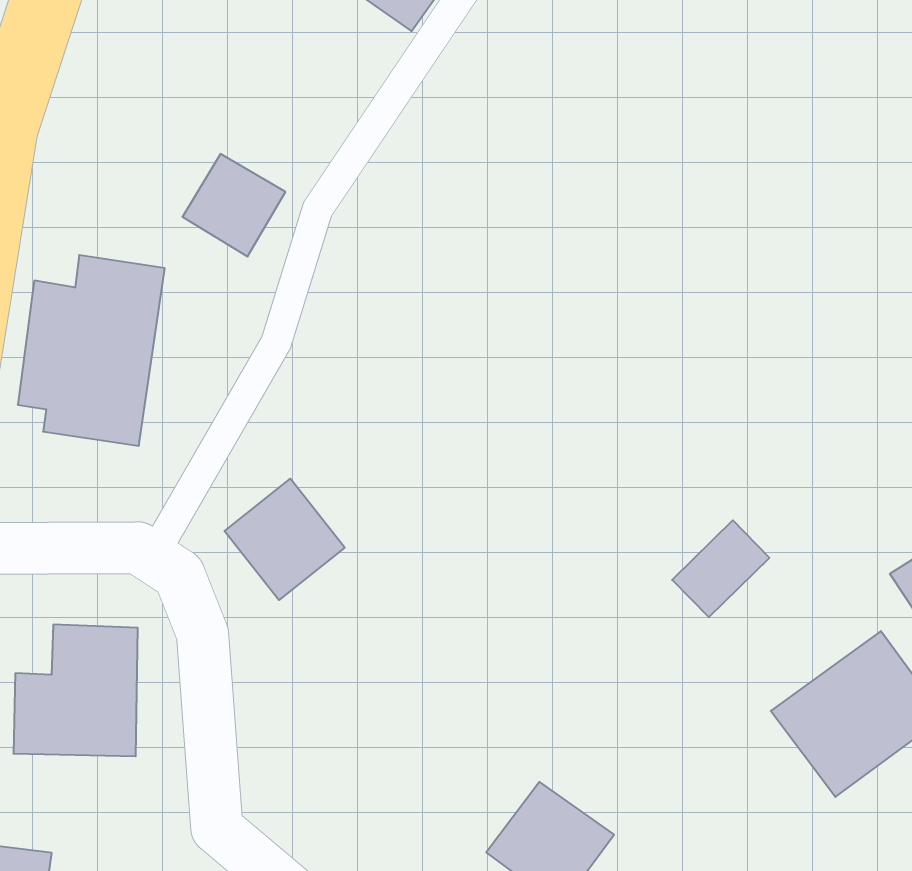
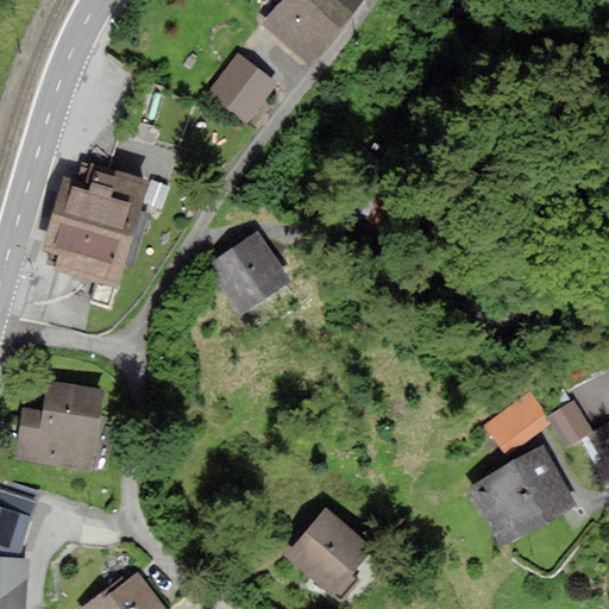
building: [182,154,285,257] -> [209,57,272,120]
building: [224,479,345,600] -> [214,234,284,306]
building: [672,520,769,617] -> [486,395,546,451]

